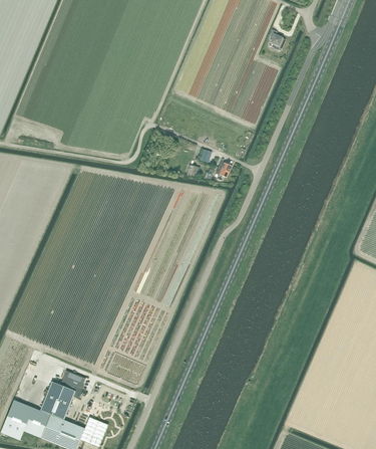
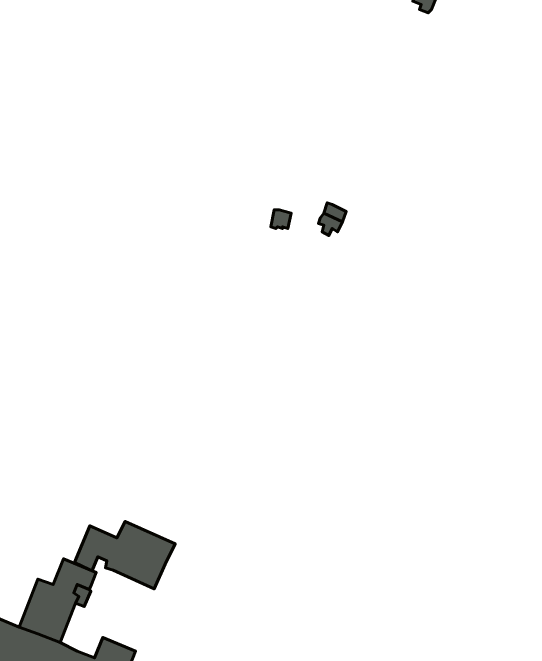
building: none -> [74,521,175,589]

